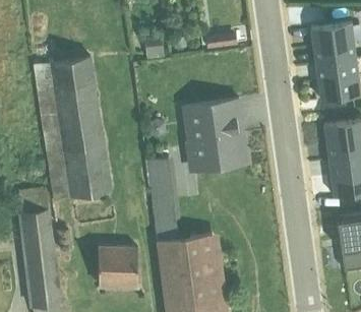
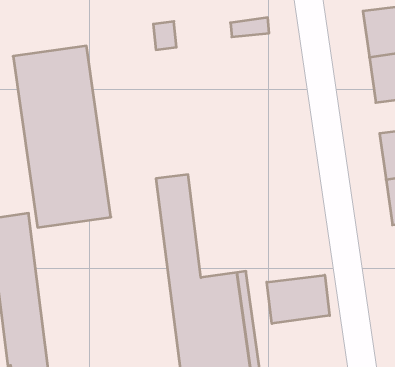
building: [183,99,249,172] -> none
building: none -> [267,275,330,324]
building: [98,247,137,288] -> none

